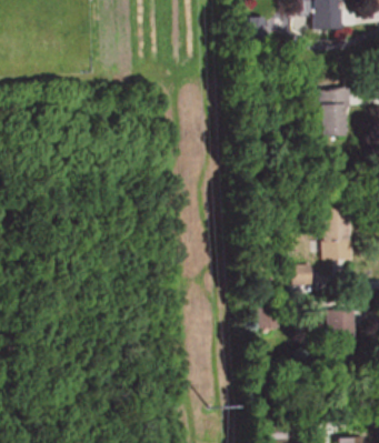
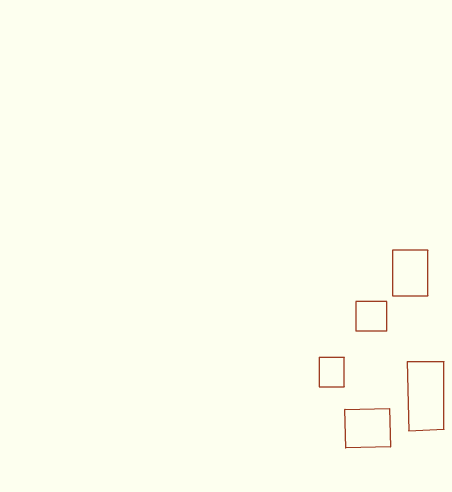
building: [318,88,351,138] -> none
building: none -> [345,409,390,448]

